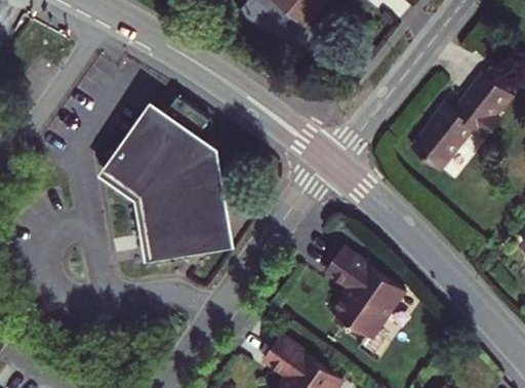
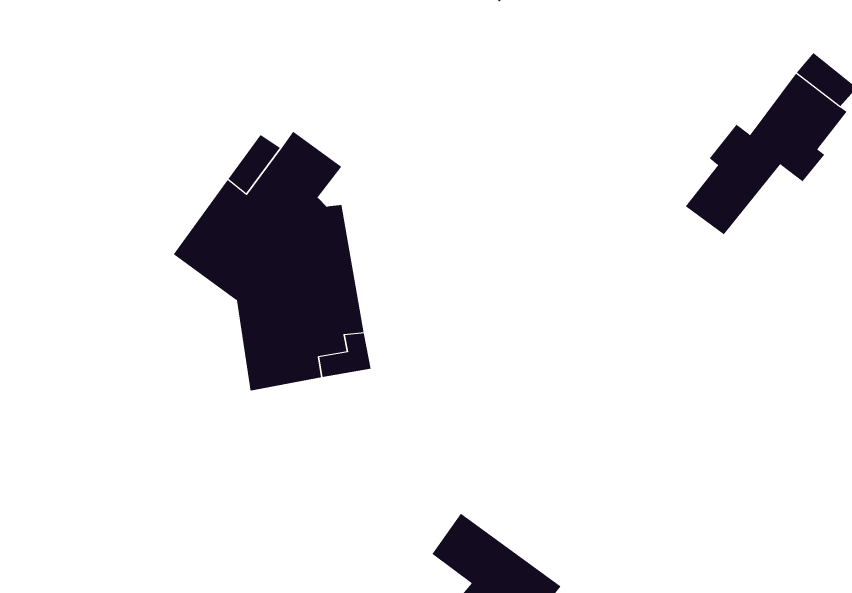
building: [325,246,404,339] -> none

